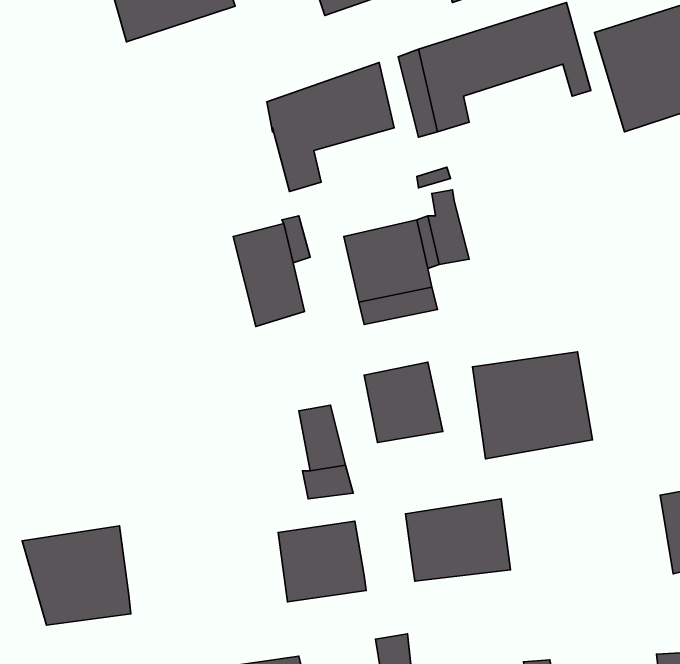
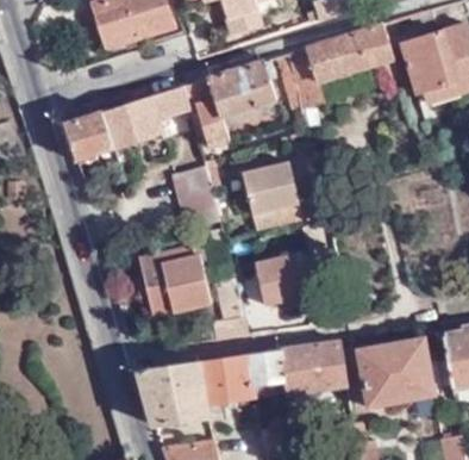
building: none -> [74,87,196,161]
building: none -> [138,243,210,315]
building: [473,352,592,459] -> [358,340,434,408]
building: none -> [249,349,286,388]
building: [22,526,131,625] -> [138,361,207,424]

